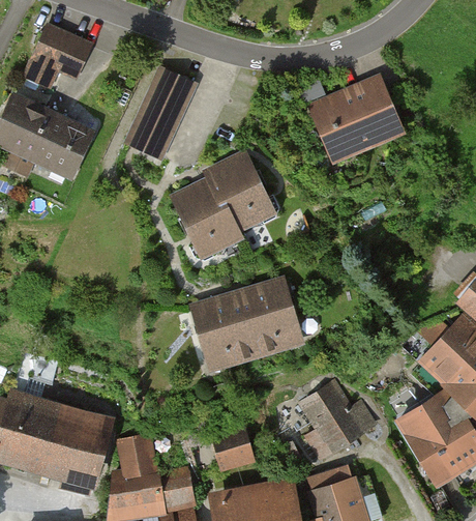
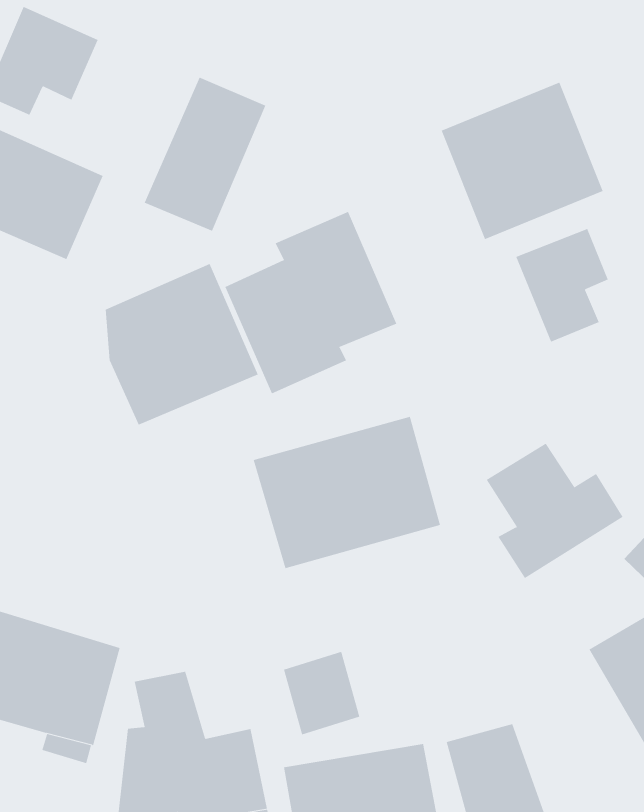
building: none -> [516,228,608,342]
building: none -> [105,263,259,426]
building: [296,378,381,462] -> [486,443,623,579]

